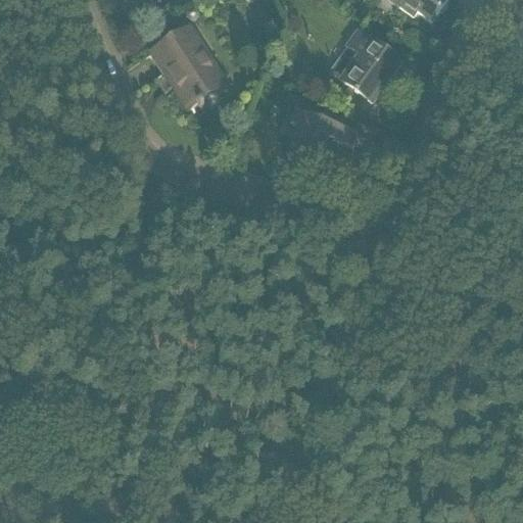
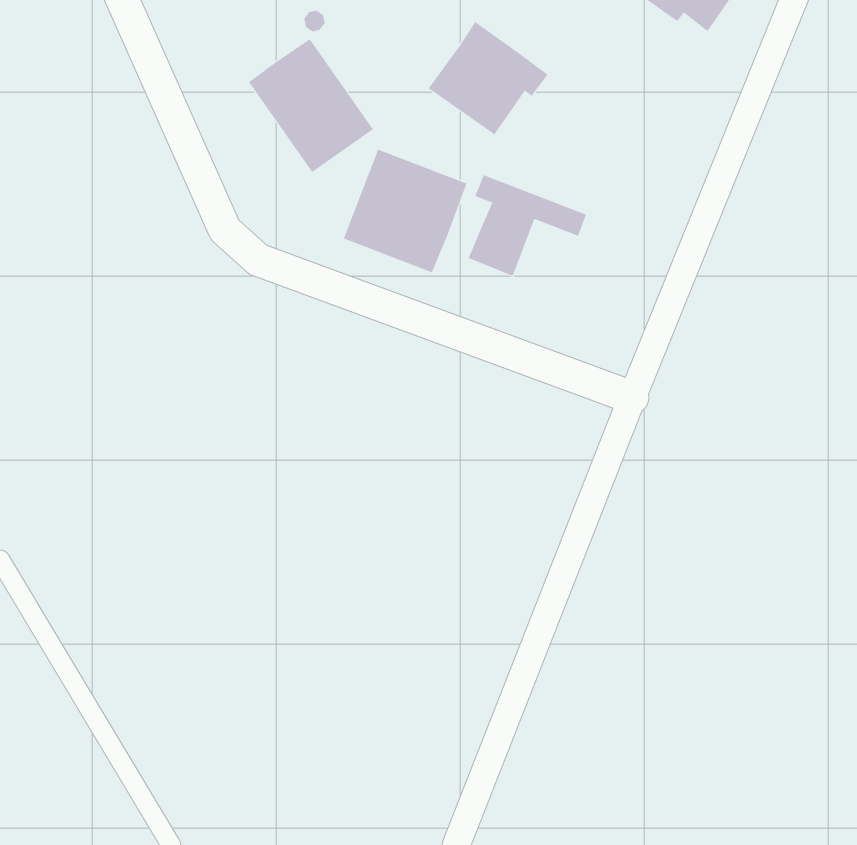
building: [327,29,400,98] -> [428,21,549,135]
building: none -> [343,149,467,273]

